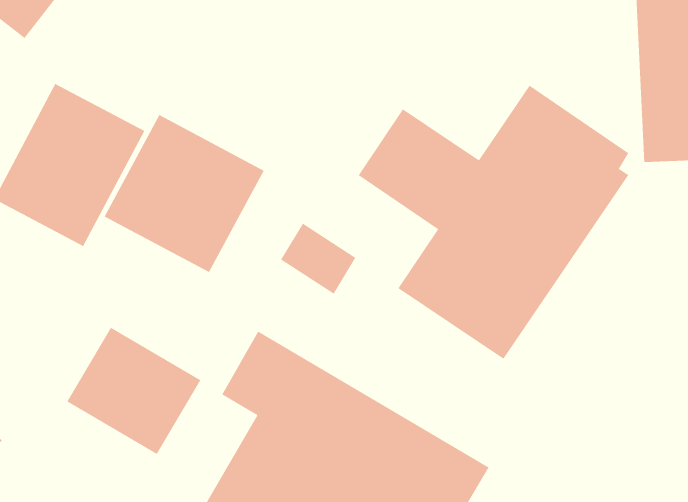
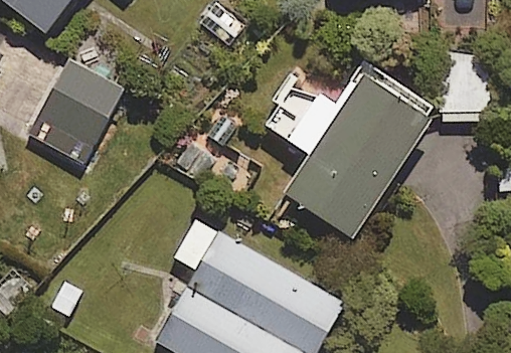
building: [104,114,264,273] -> none
building: [66,327,201,455] -> none

